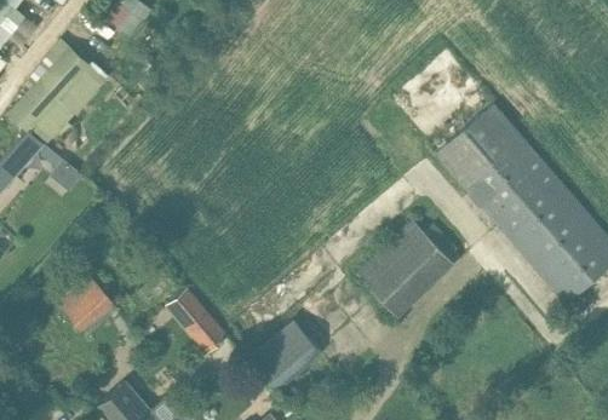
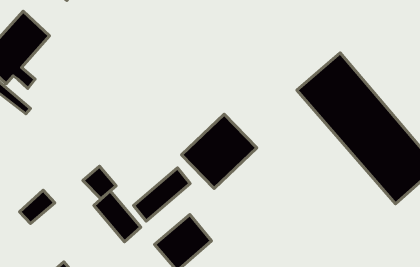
building: [361,217,461,316] -> [182,114,257,189]
building: none -> [83,166,116,199]
building: none -> [134,168,190,221]

